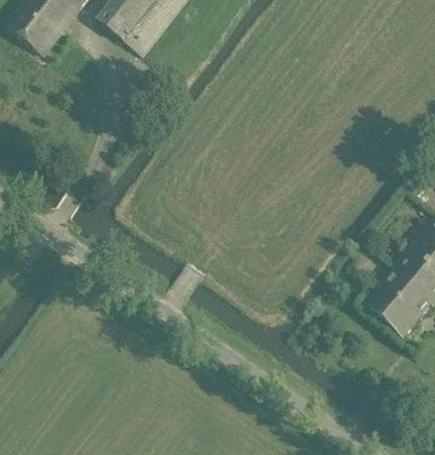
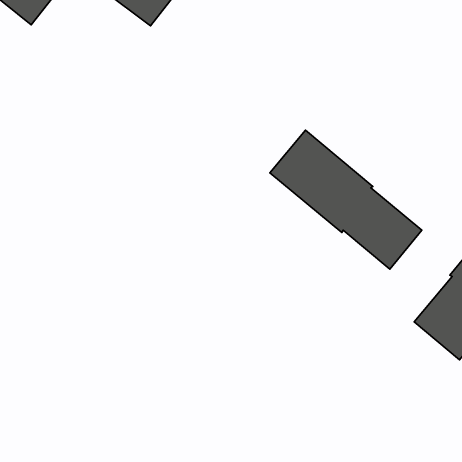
building: none -> [270,130,422,269]

